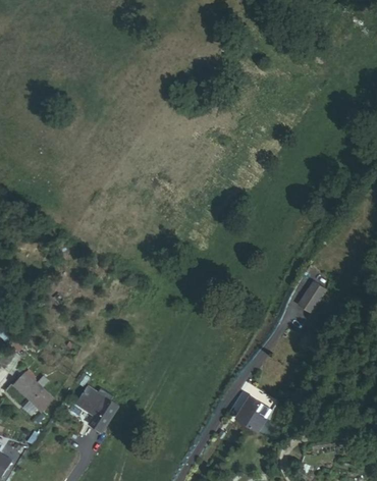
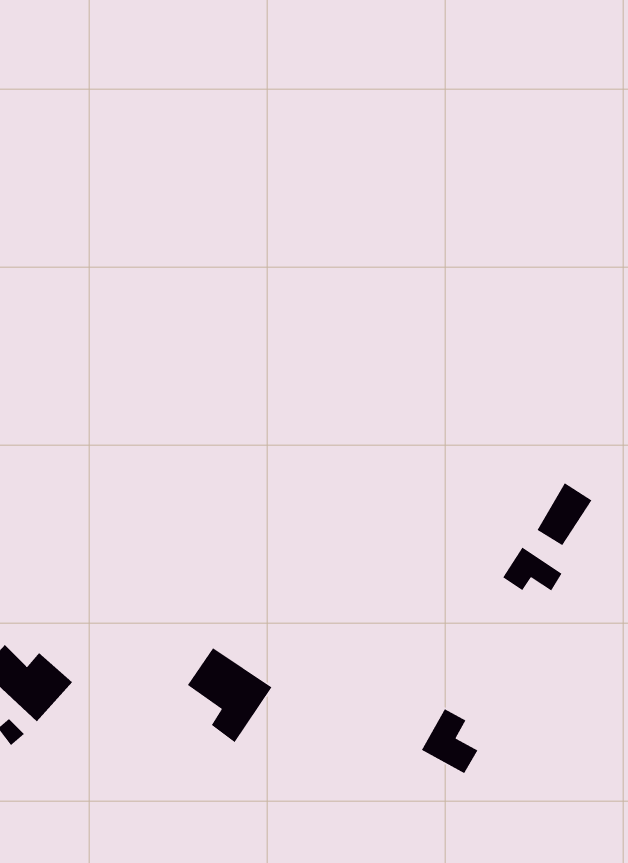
building: none -> [502,547,563,591]
building: [73,384,117,433] -> [187,647,273,743]

